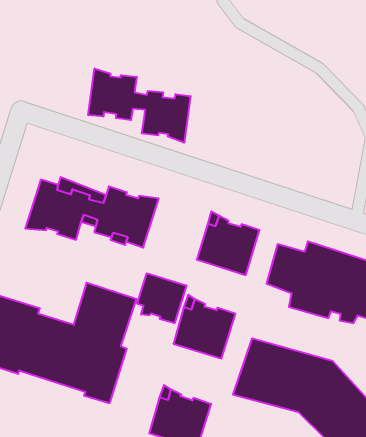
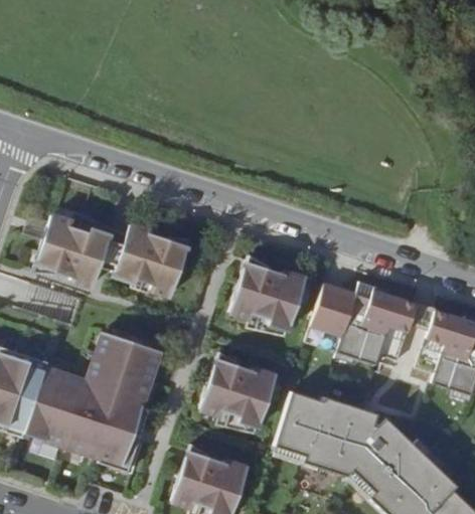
building: [88,68,191,143] -> none
building: [137,273,186,323] -> none

